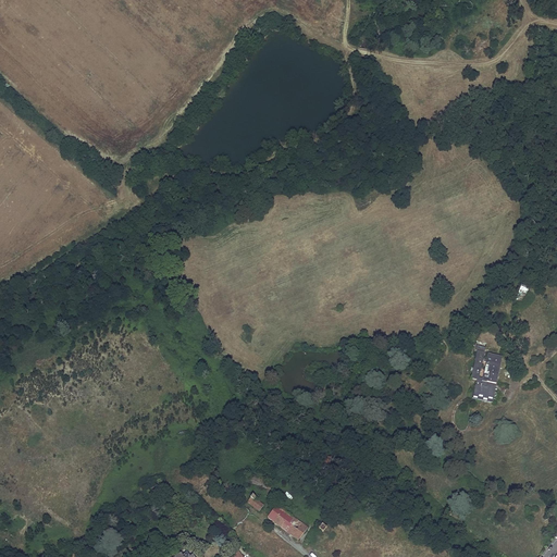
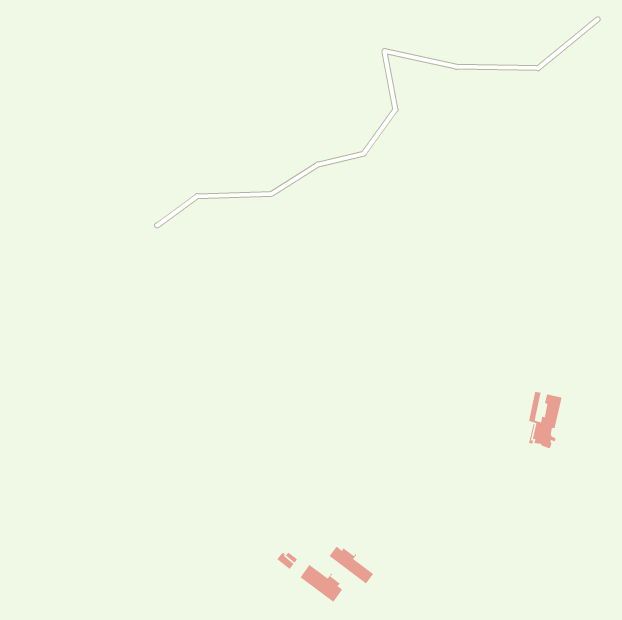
building: none -> [328,546,374,584]

